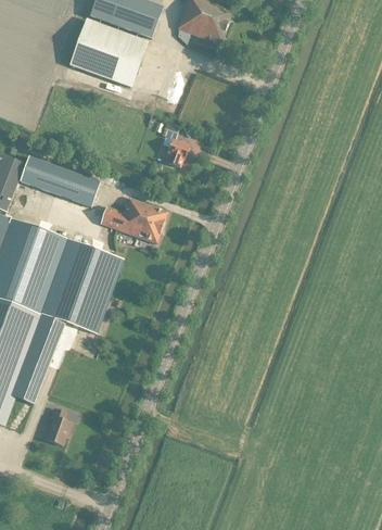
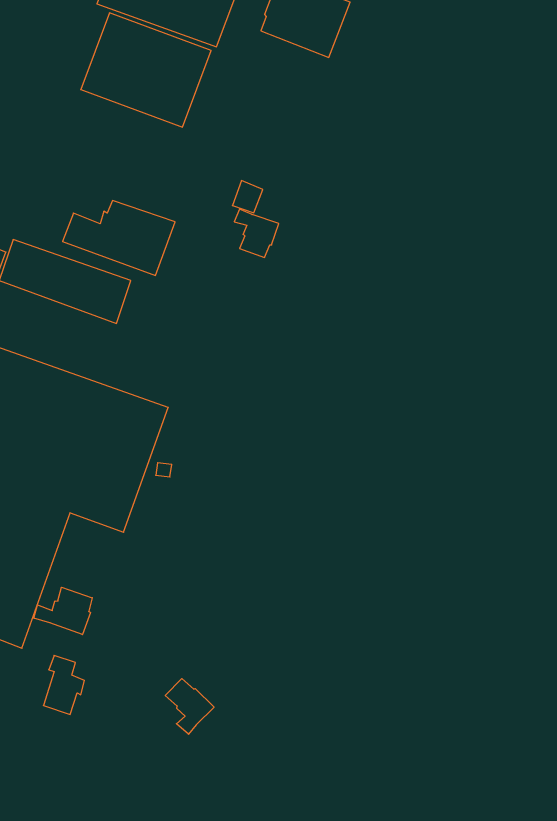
building: [100,198,168,243] -> [63,201,175,275]
building: none -> [34,587,92,635]
building: none -> [165,679,214,734]

